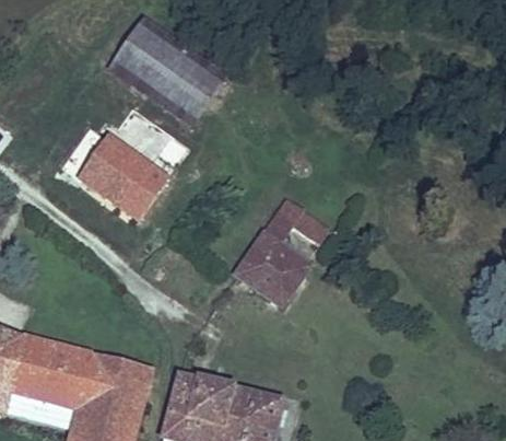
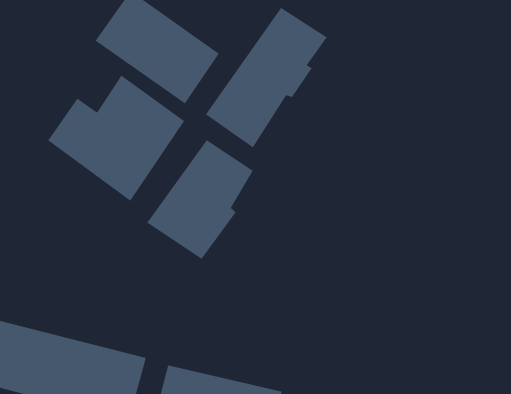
building: none -> [205,7,328,149]
building: [231,194,332,307] -> [146,139,254,260]

